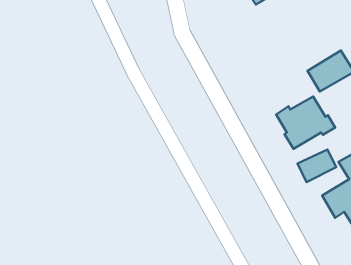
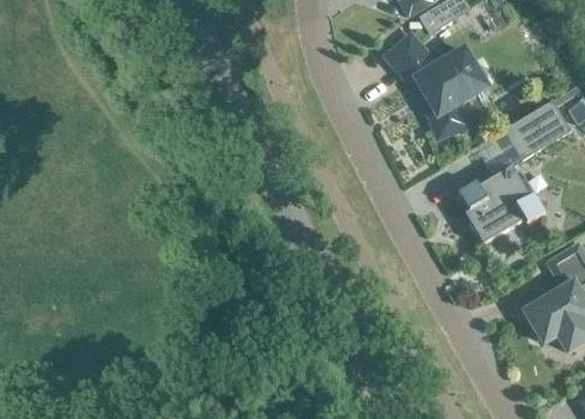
building: none -> [386,33,487,136]
building: [298,149,336,182] -> none

